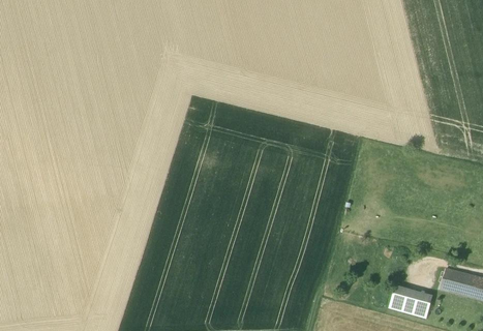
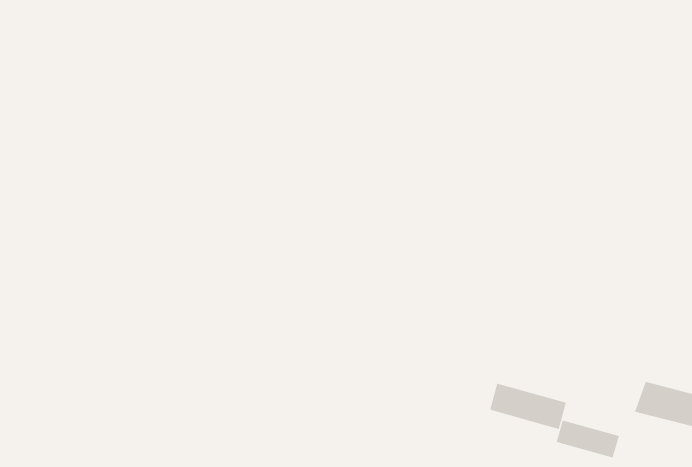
building: none -> [489,383,566,430]

